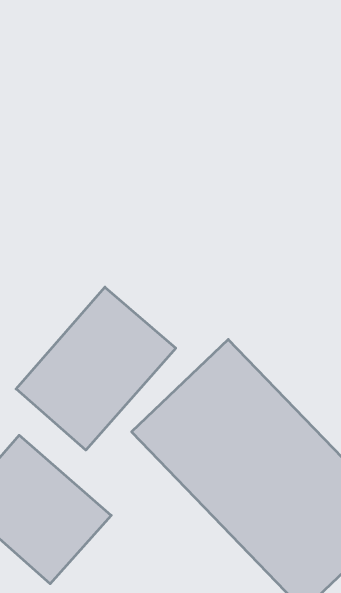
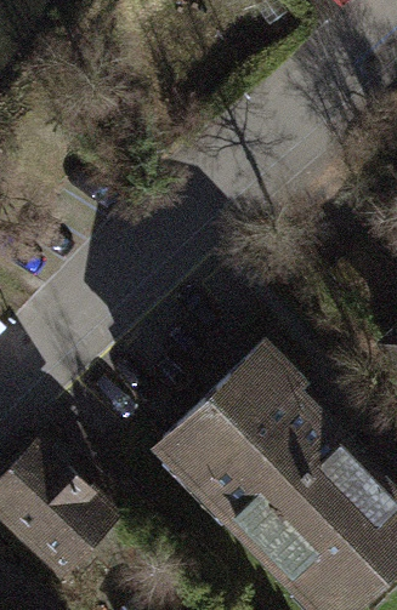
building: [16,287,176,450] -> none

